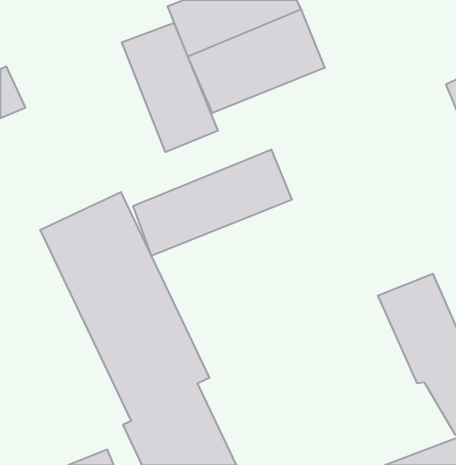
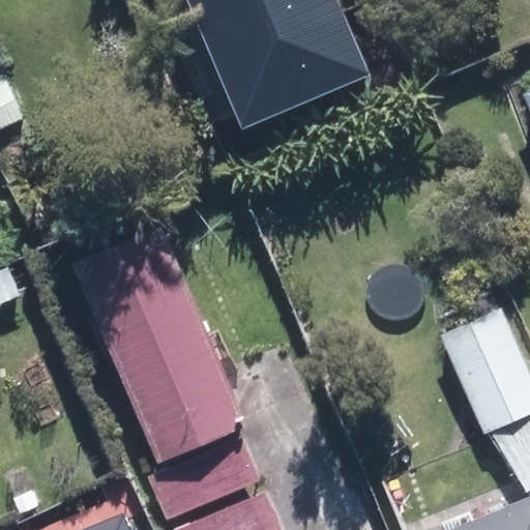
building: [122,23,218,152] -> none
building: [133,149,292,256] -> none

